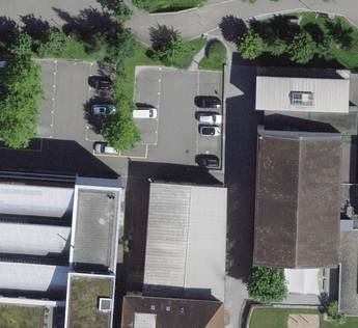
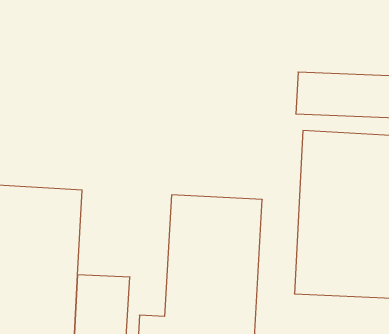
building: [67,182,119,257] -> none

